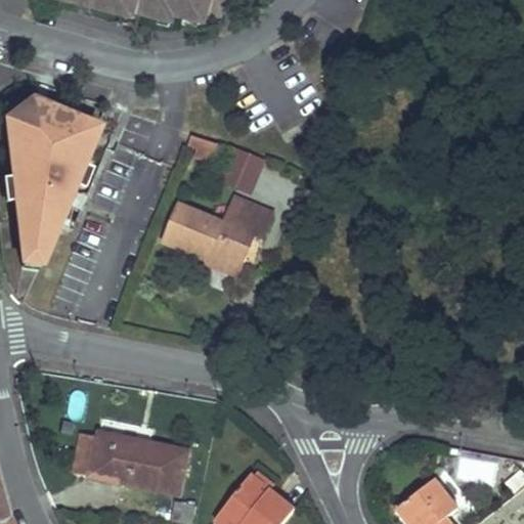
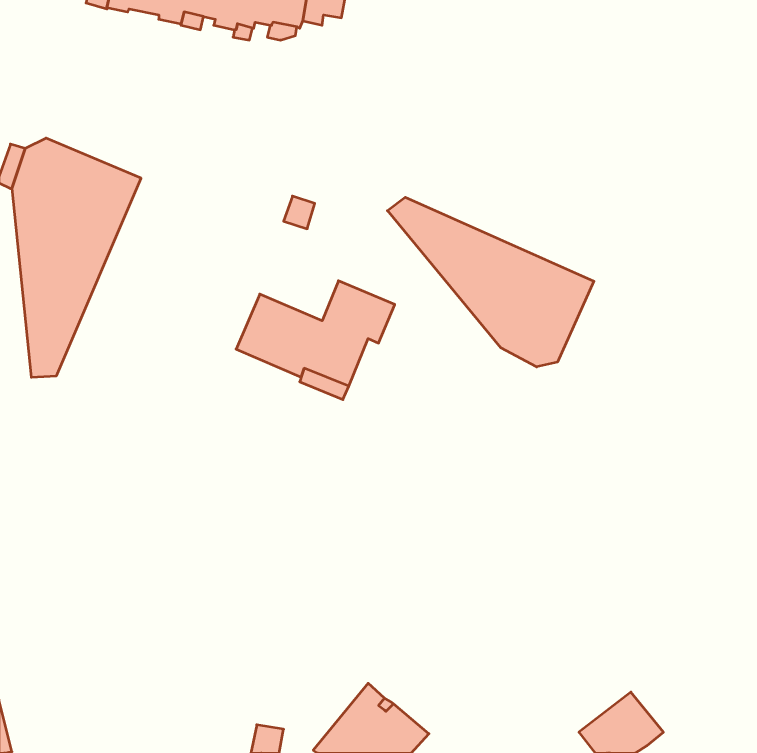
building: none -> [387,197,594,367]
building: [222,146,263,190] -> none
building: [90,432,188,490] -> none

